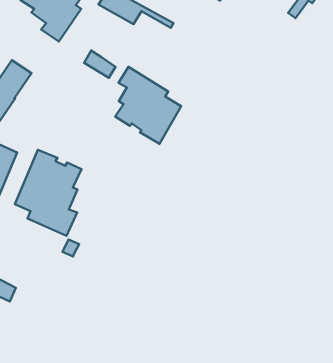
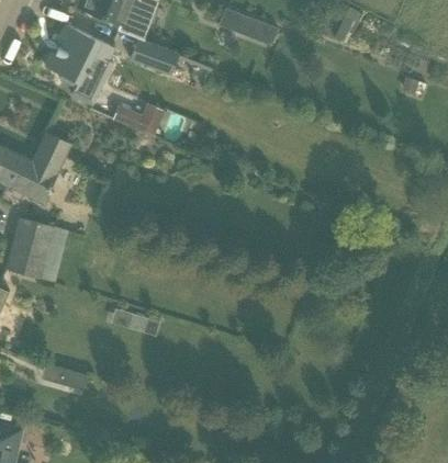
building: [115,67,181,144] -> none
building: [15,150,81,236] -> none

